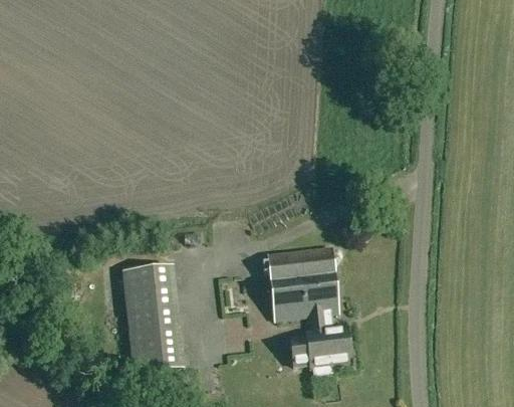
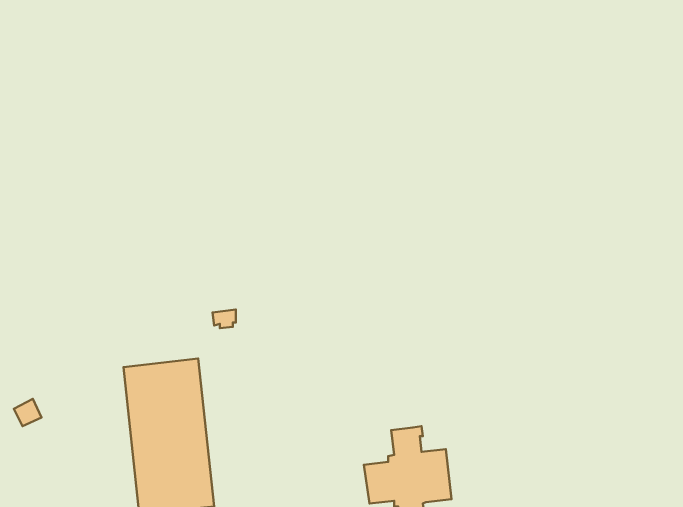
building: [267,245,338,318] -> none

